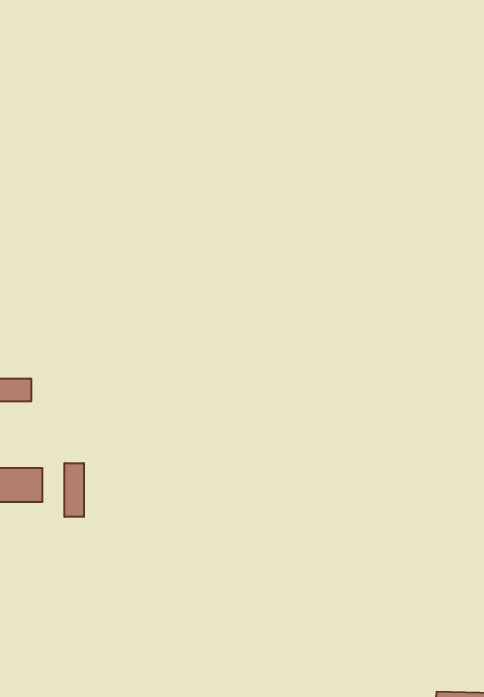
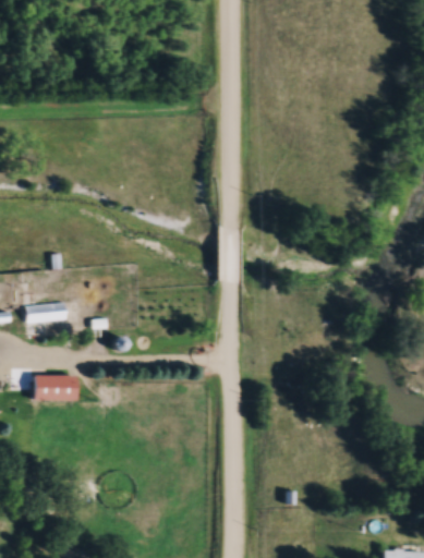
building: [64,463,84,517] -> none

